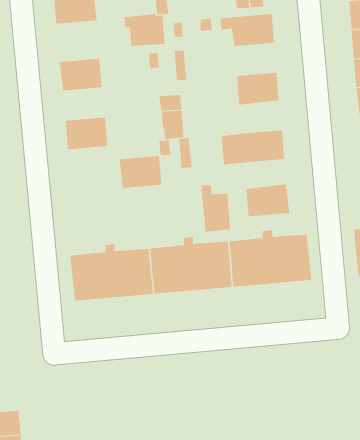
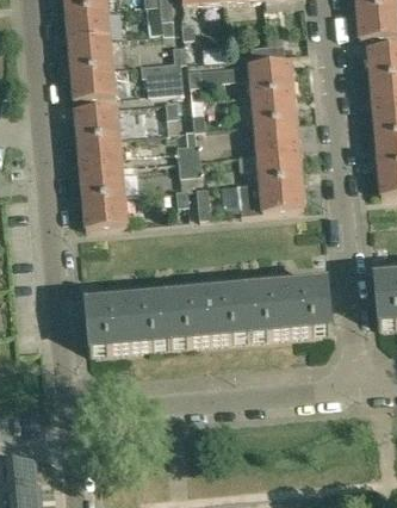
building: none -> [69,63,114,97]
building: none -> [250,86,294,119]
building: none -> [76,131,120,165]
building: [119,156,162,188] -> [81,191,125,224]
building: [246,184,290,217] -> [255,144,300,178]
building: [201,184,231,232] -> none

